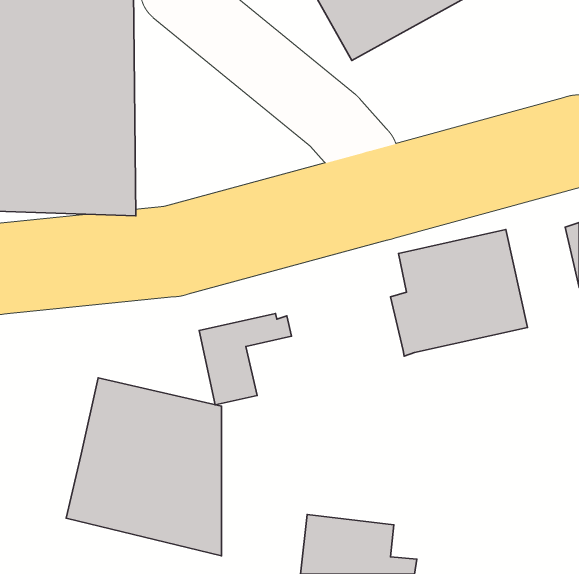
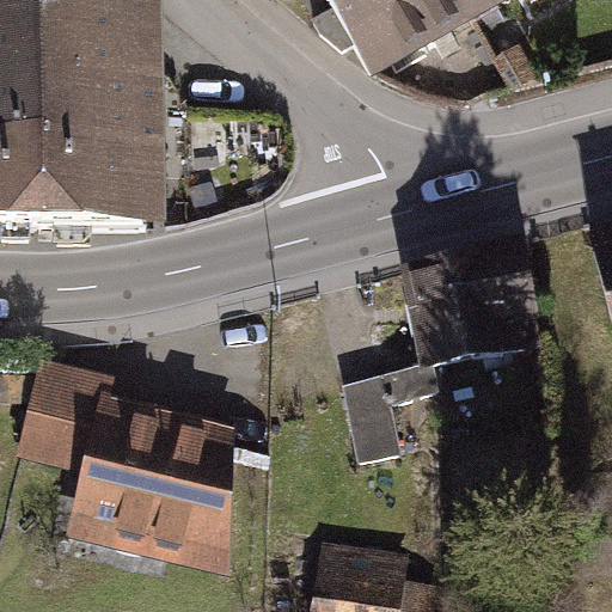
building: [199,313,292,405] -> [342,367,439,463]
building: none -> [19,362,108,476]

